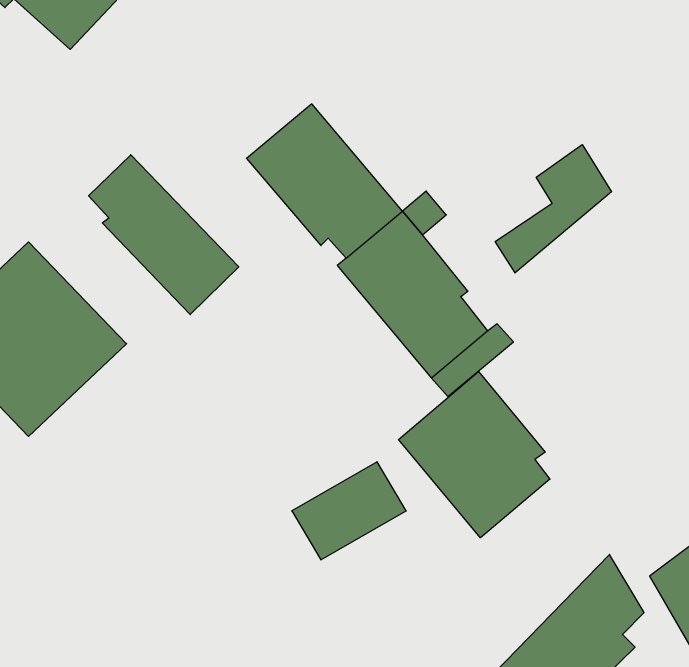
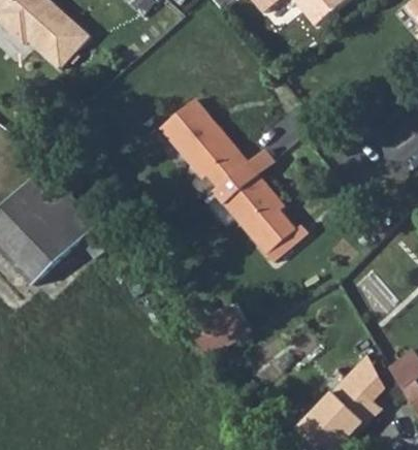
building: [495,145,612,273] -> none
building: [89,155,239,315] -> none
building: [398,372,550,538] -> none

